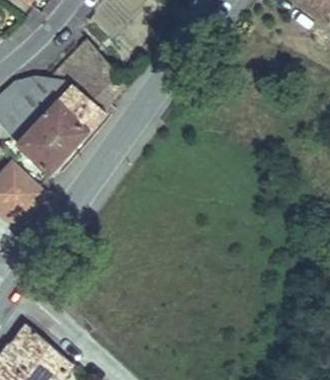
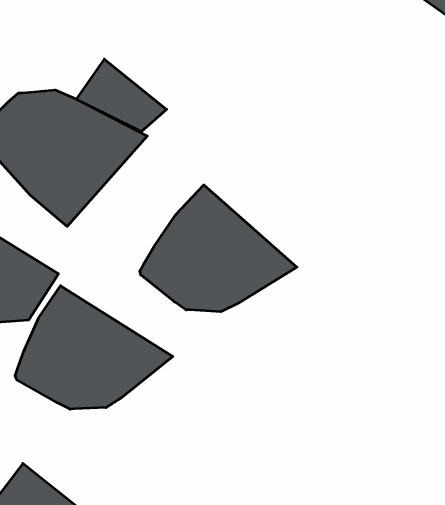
building: none -> [140,185,297,312]
building: none -> [15,286,173,409]

